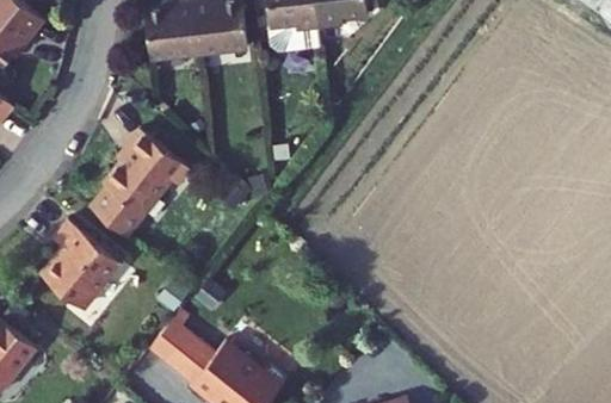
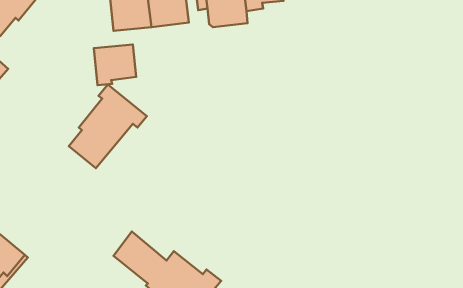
building: none -> [94,44,136,85]
building: [41,217,118,306] -> none

